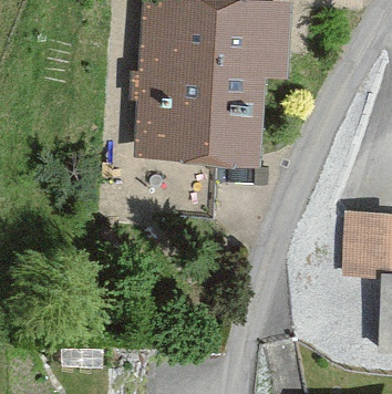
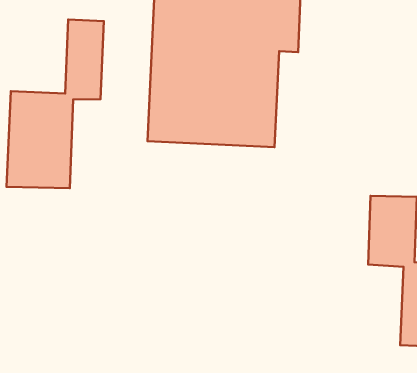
building: none -> [7,19,104,188]

